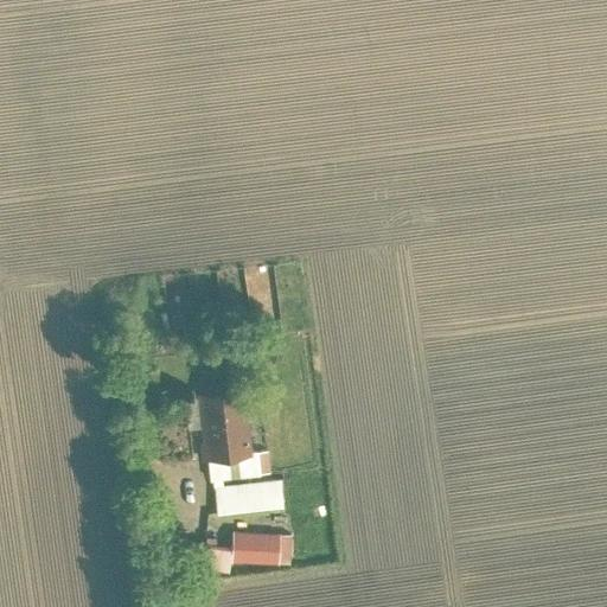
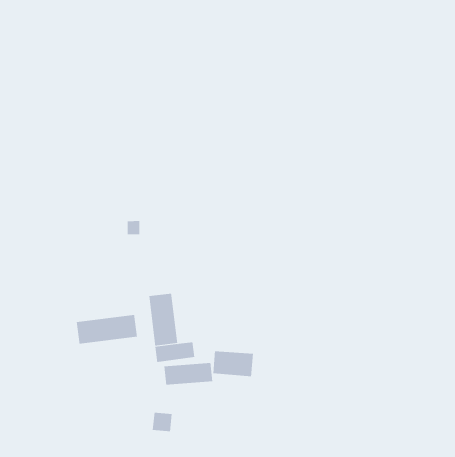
building: none -> [76,314,138,344]
building: [236,531,290,566] -> [212,351,254,377]

